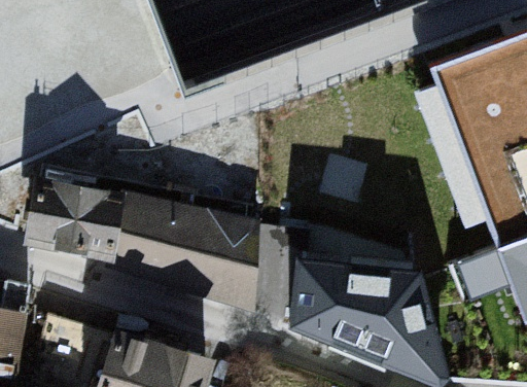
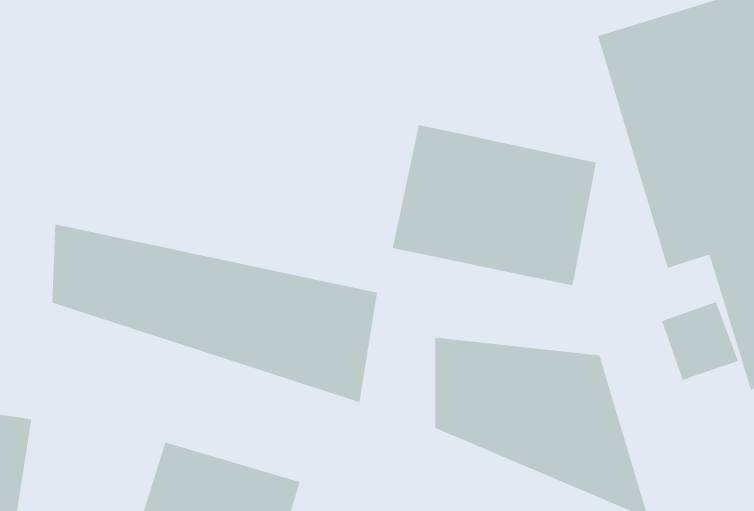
building: none -> [392,124,597,286]

